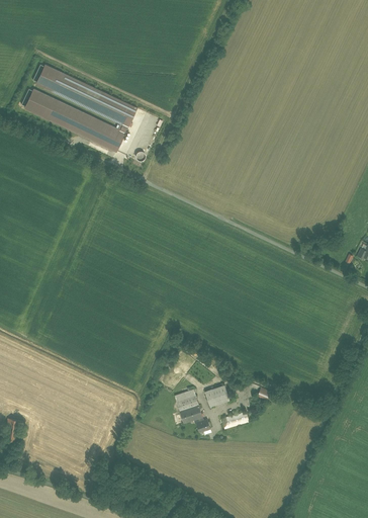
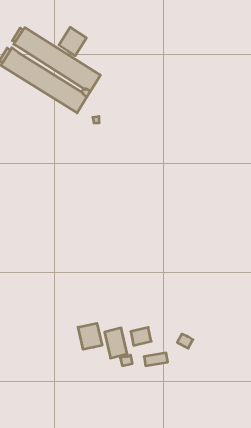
building: none -> [59,27,86,56]
building: none -> [78,323,102,349]

